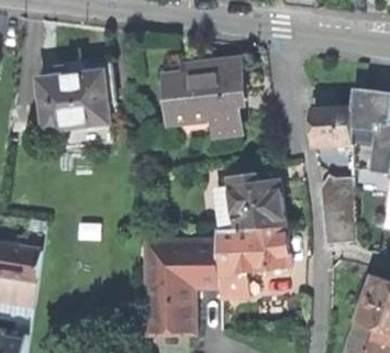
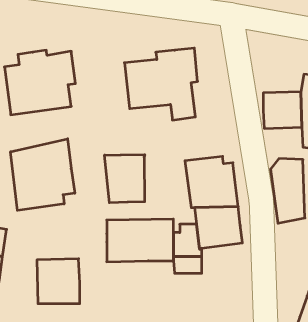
building: none -> [11,139,75,210]
building: none -> [105,155,145,203]
building: [146,284,191,331] -> [37,259,80,304]

